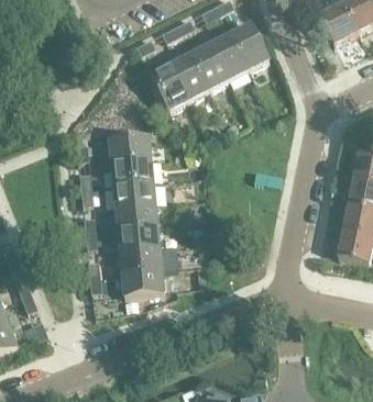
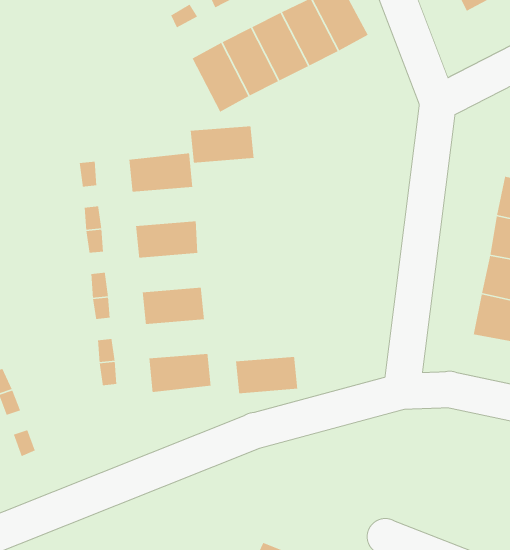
building: [111,158,154,183] -> [190,125,254,163]
building: [116,202,157,227] -> none
building: [120,246,162,271] -> [235,356,298,394]

